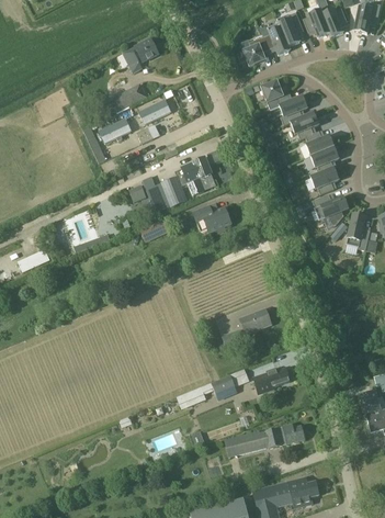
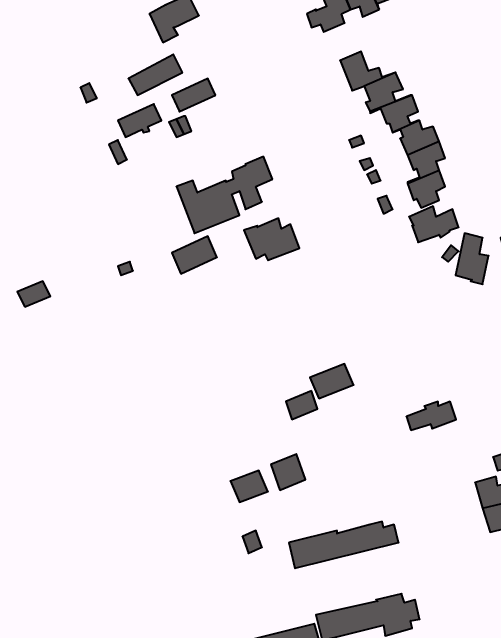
building: [254,368,291,388] -> [406,402,456,430]

